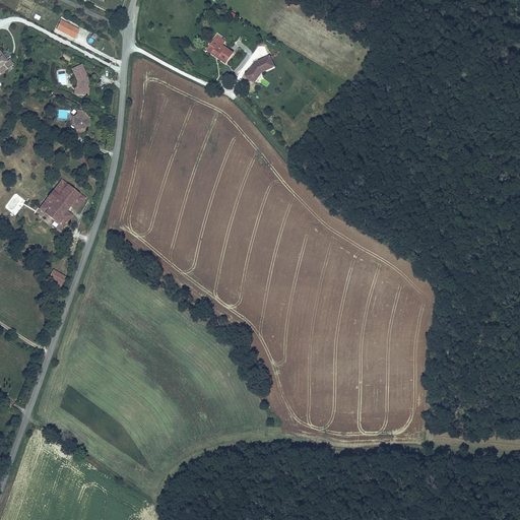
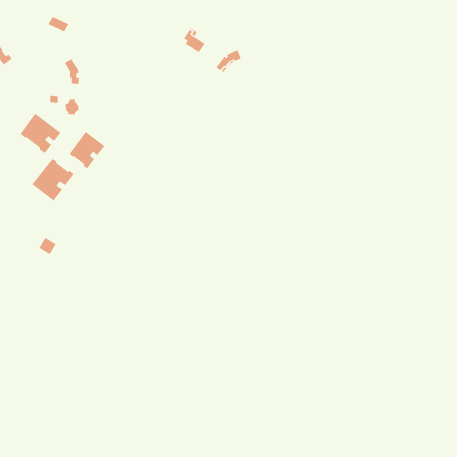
building: none -> [20,113,61,154]
building: none -> [69,131,105,169]

